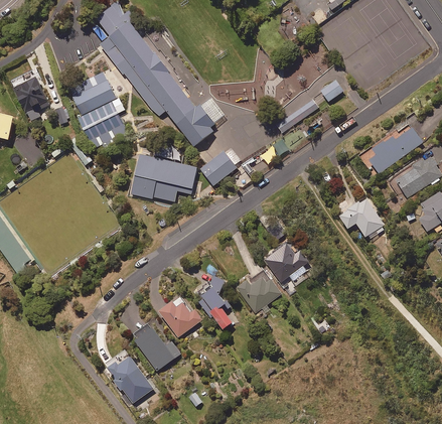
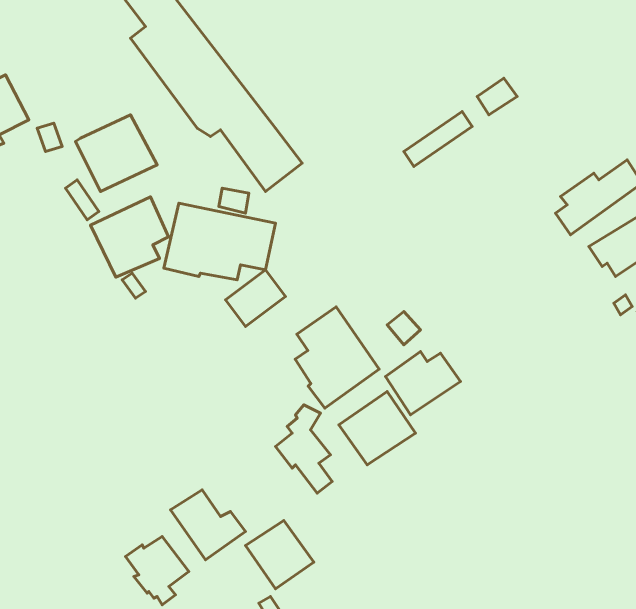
building: [67,70,116,115] -> none
building: none -> [91,197,168,277]
building: [200,152,237,186] -> [226,270,286,327]
building: [336,196,385,240] -> none
building: none -> [295,307,379,408]
building: [159,295,200,336] -> [246,521,314,589]

